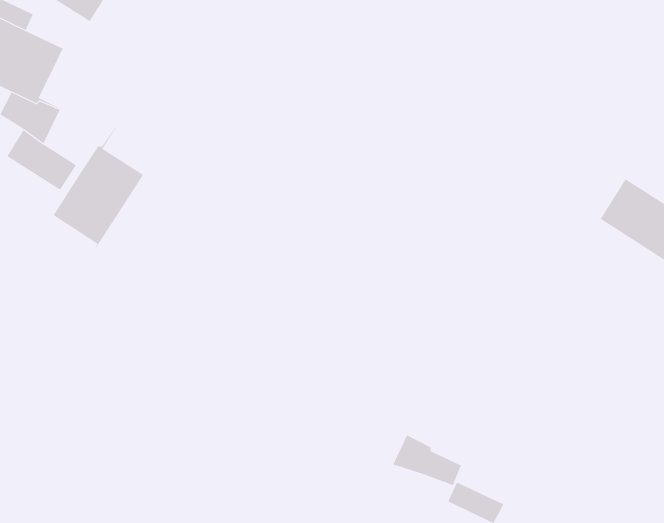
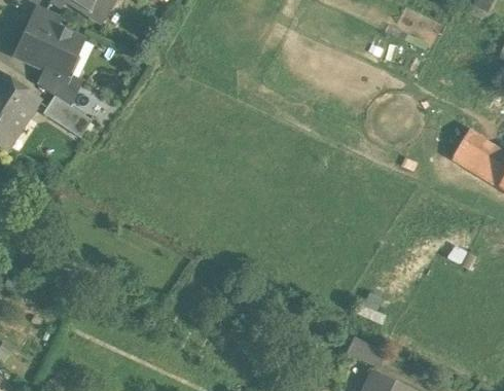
building: [53,126,144,248] -> none
building: [392,434,461,486] -> none

